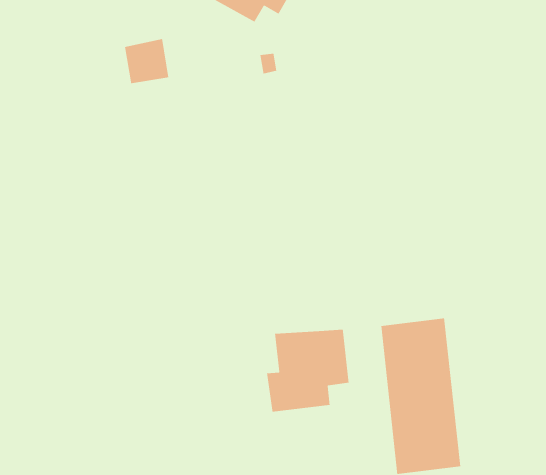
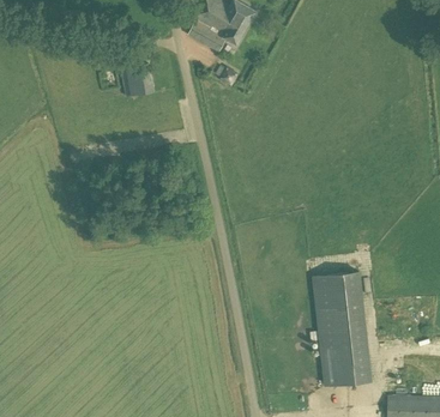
building: [267,329,349,412] -> none

